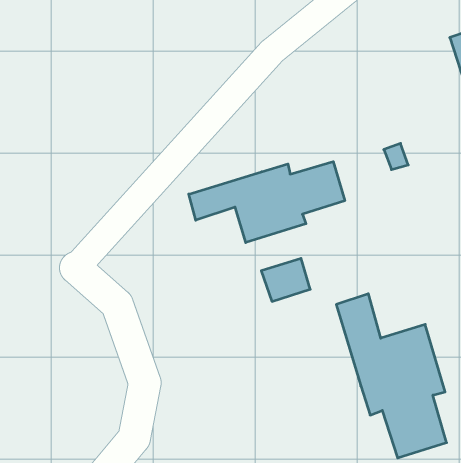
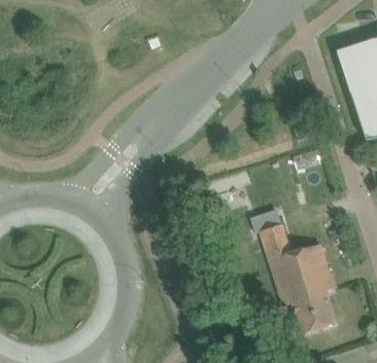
building: [189,162,345,243] -> none

